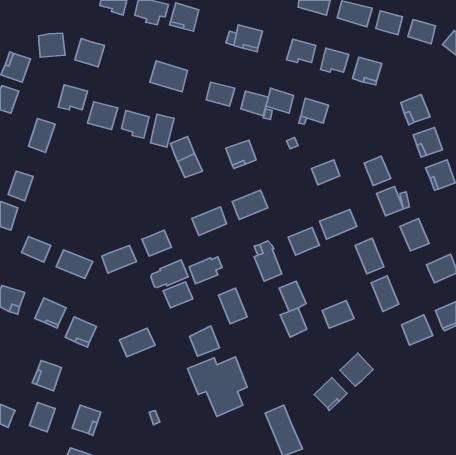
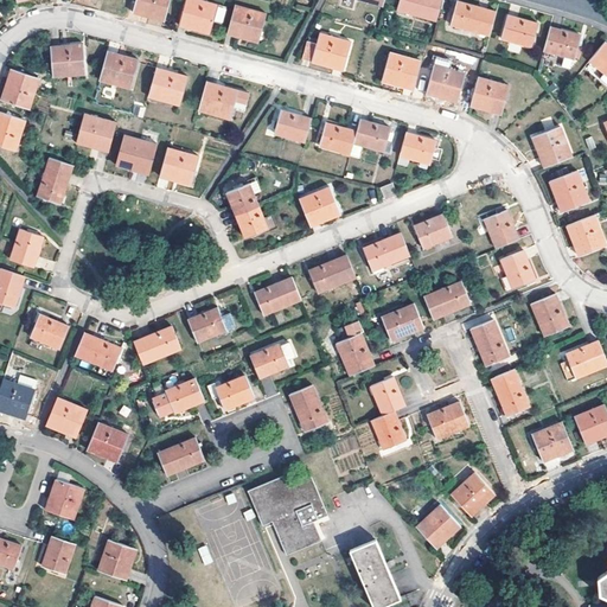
building: none -> [148,69,189,107]
building: [151,114,174,147] -> none
building: none -> [362,231,409,270]
building: [151,260,188,288] -> [155,378,205,415]
building: [190,326,220,356] -> none

